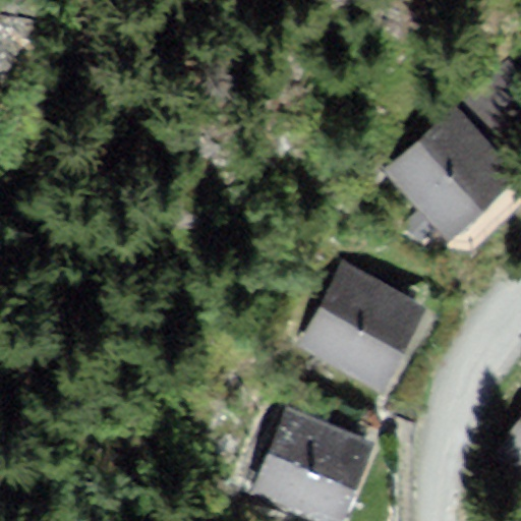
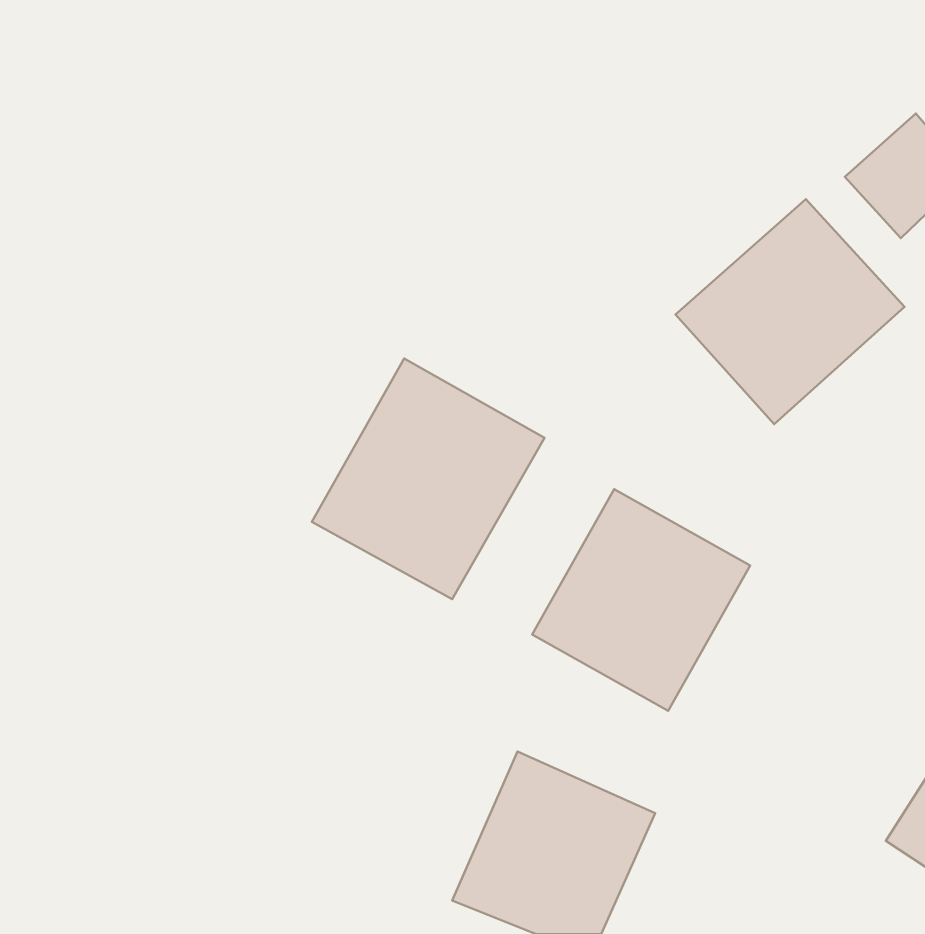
building: none -> [312,358,544,599]

